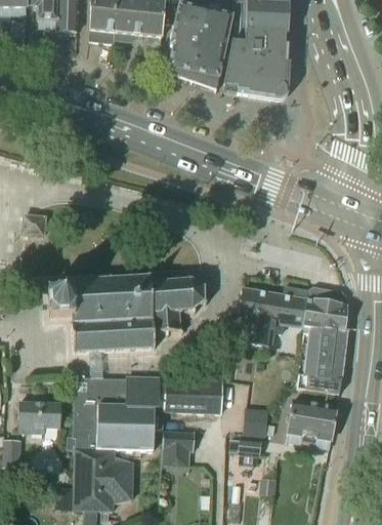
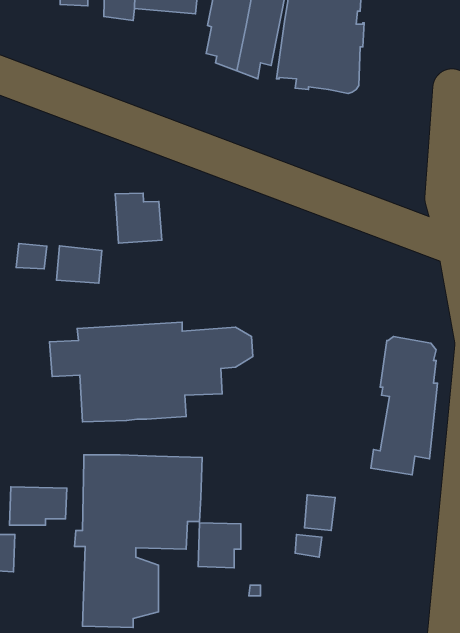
building: none -> [115,193,162,243]
building: none -> [56,246,102,283]
building: [234,285,307,346] -> none
building: [164,377,222,412] -> none
building: [286,400,336,444] -> none

